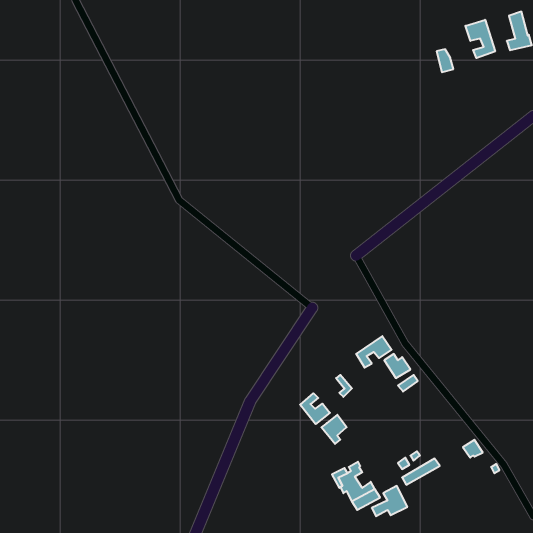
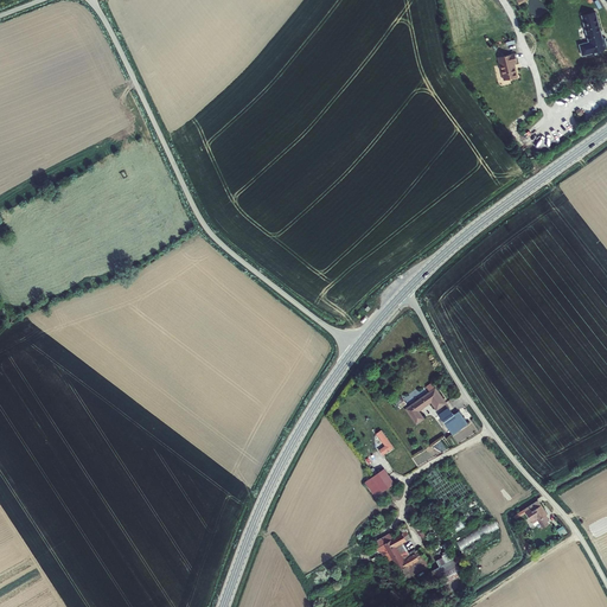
building: [465,20,495,58] -> none
building: [300,393,330,424] -> none

